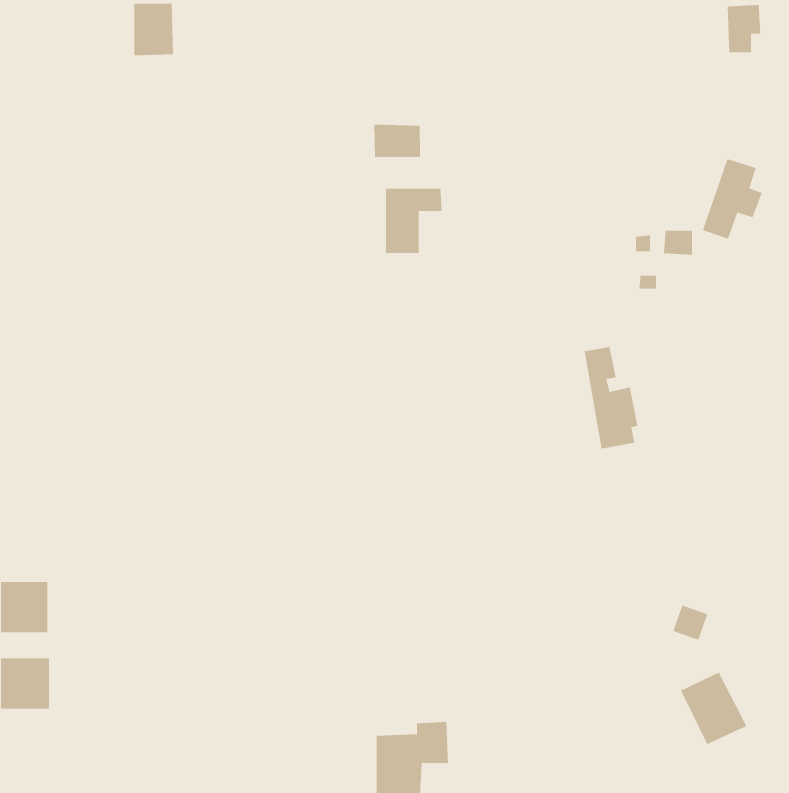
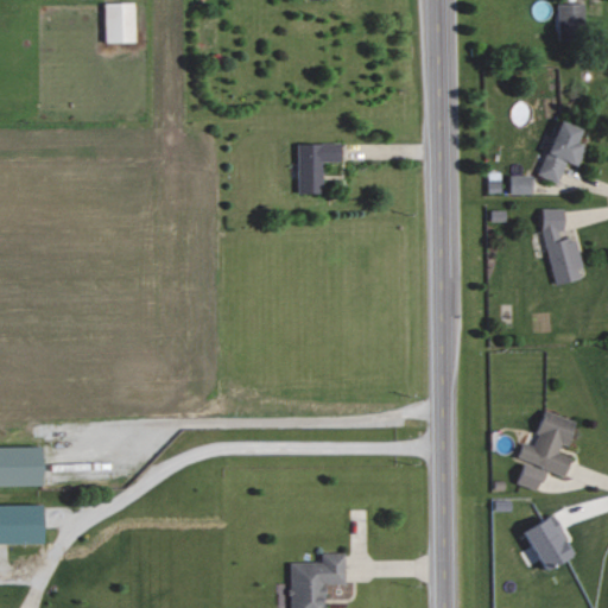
building: [374,124,420,158] -> none
building: [584,347,638,449] -> [542,208,583,286]
building: none -> [518,410,576,475]

